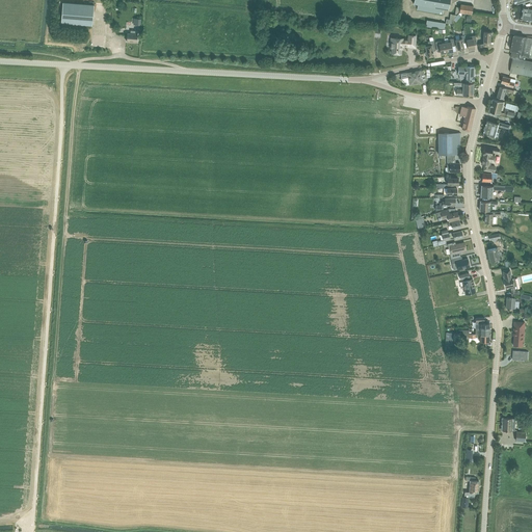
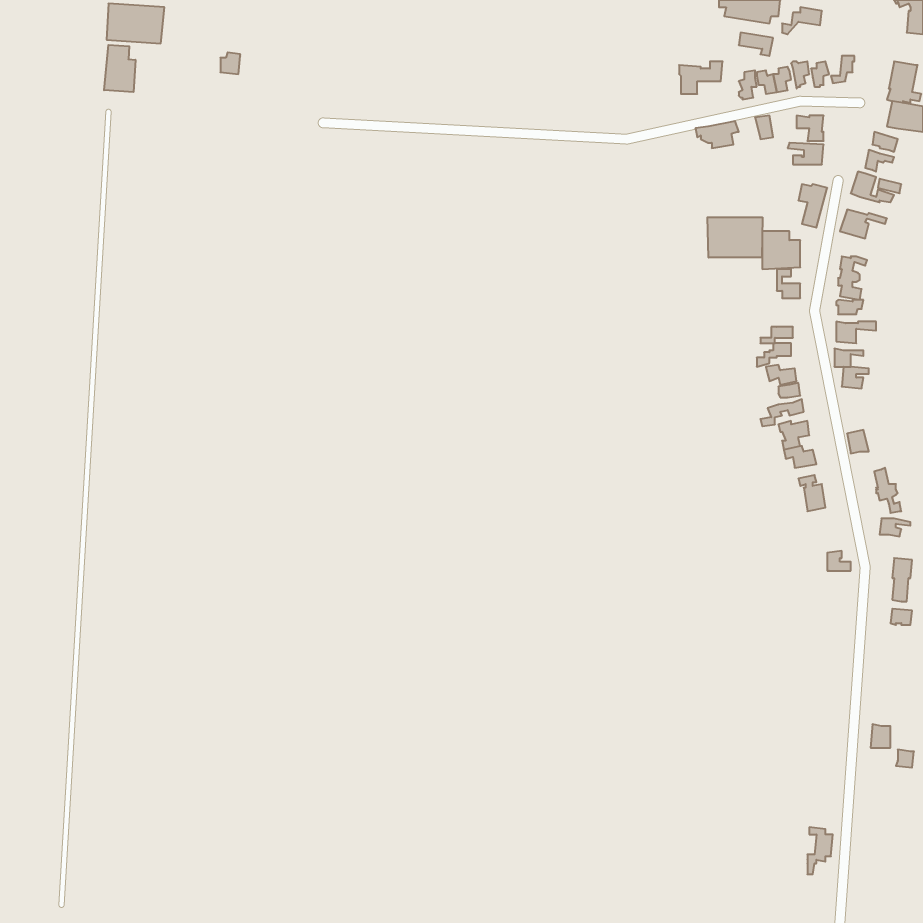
building: none -> [104,45,135,92]
building: none -> [707,217,762,258]

